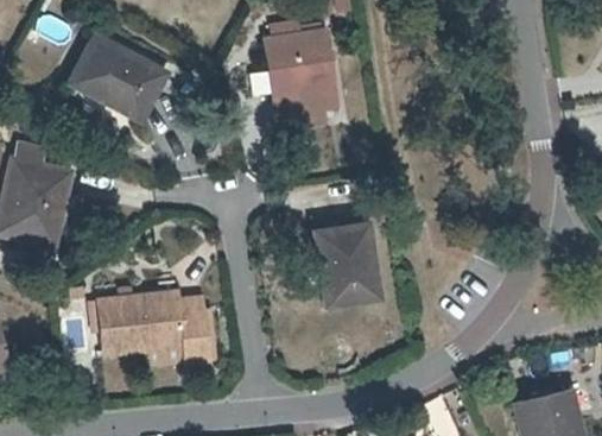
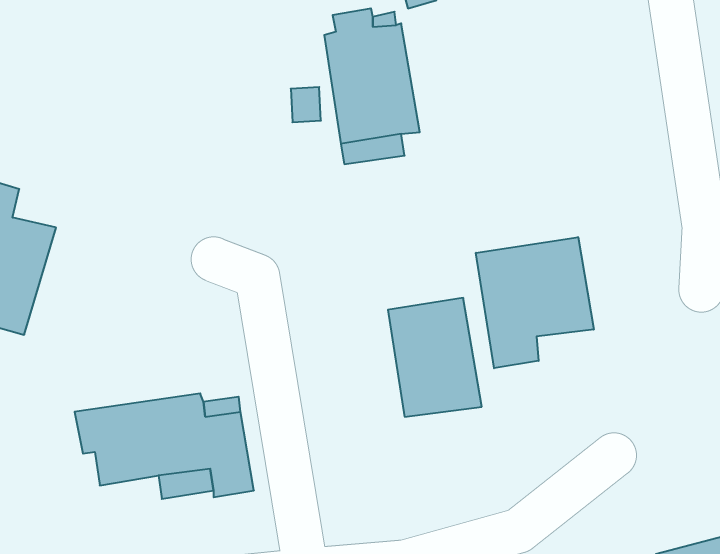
building: [70,34,166,120] -> none
building: none -> [476,237,594,368]

